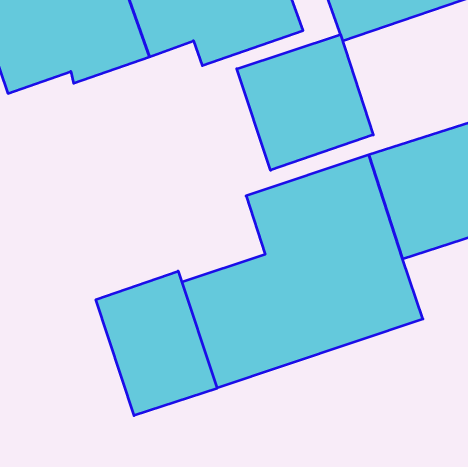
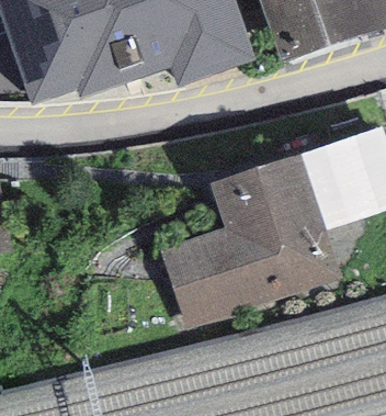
building: [237,35,373,170] -> none
building: [96,271,217,416] -> none

